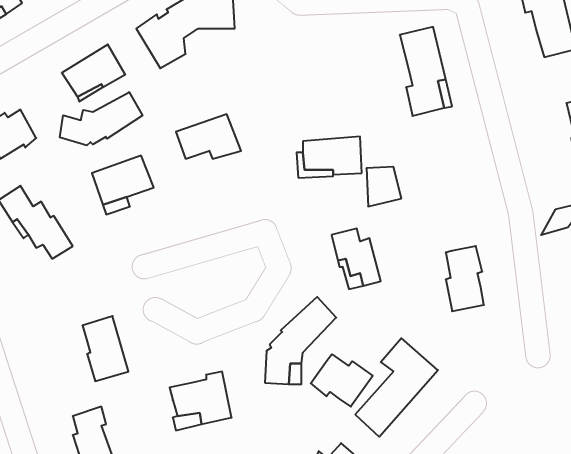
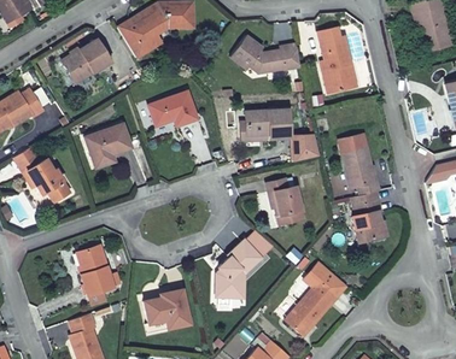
building: none -> [230,36,300,72]
building: [60,92,142,145] -> none
building: none -> [340,134,380,195]
building: [311,354,373,407] -> none

